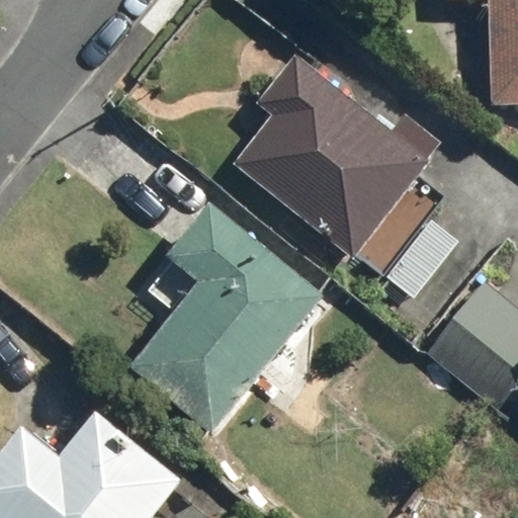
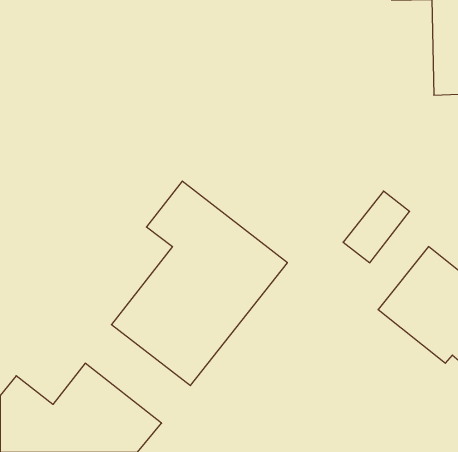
building: [231,54,429,260] -> none

